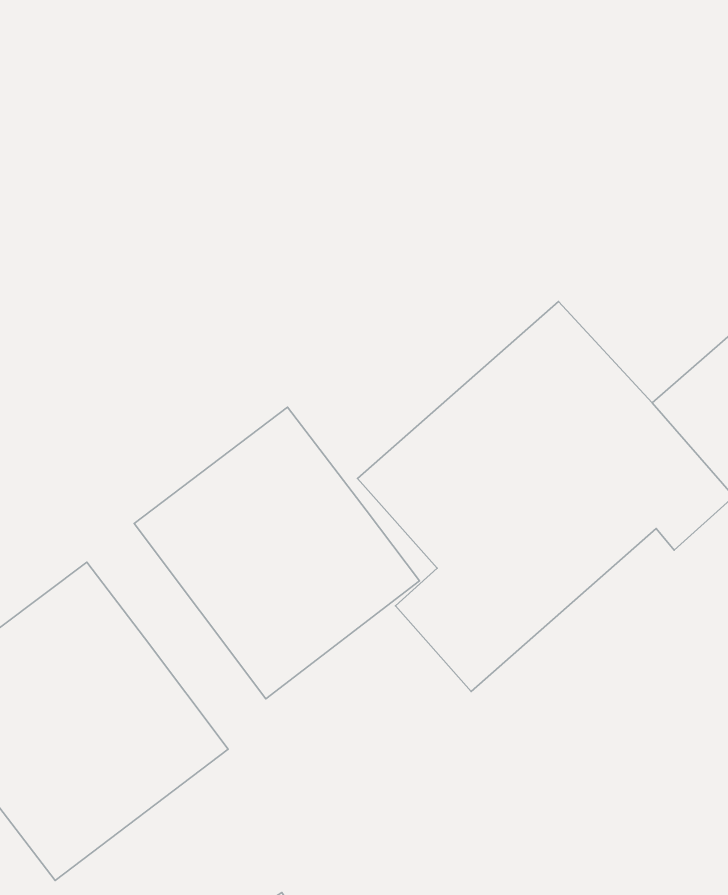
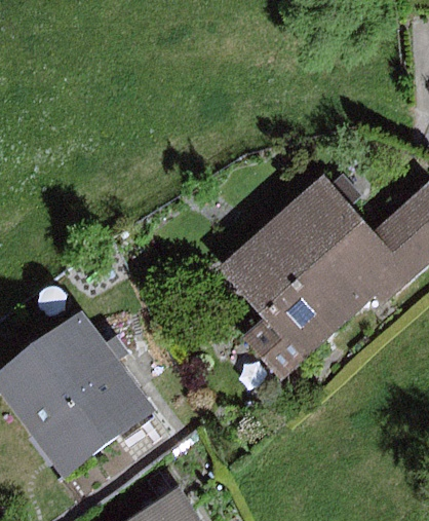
building: [134,407,420,699] -> none

